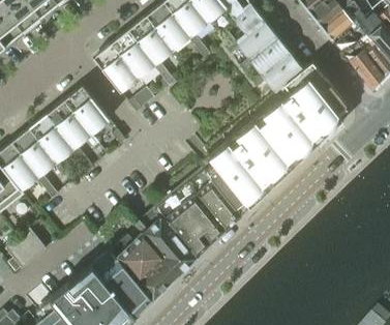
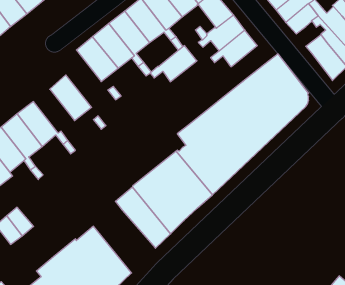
building: [253,53,304,92] -> [150,46,197,82]
building: [48,100,92,148] -> none
building: [113,232,180,300] -> none

